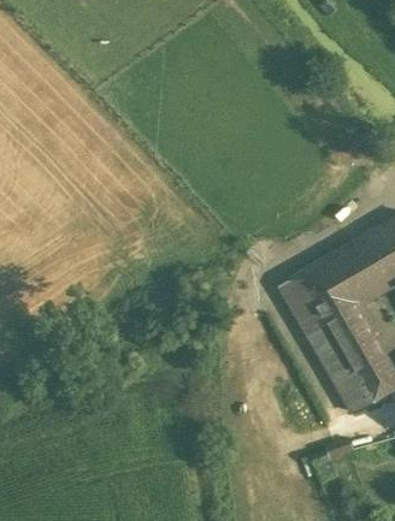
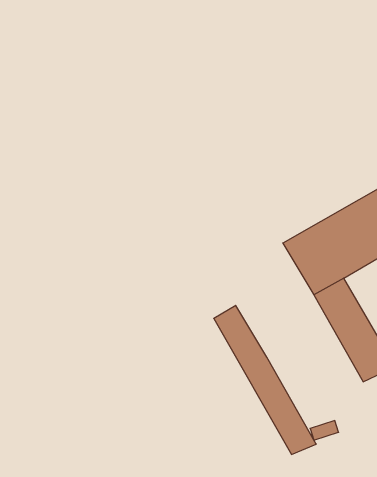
building: [278,274,373,413] -> [214,305,316,454]

